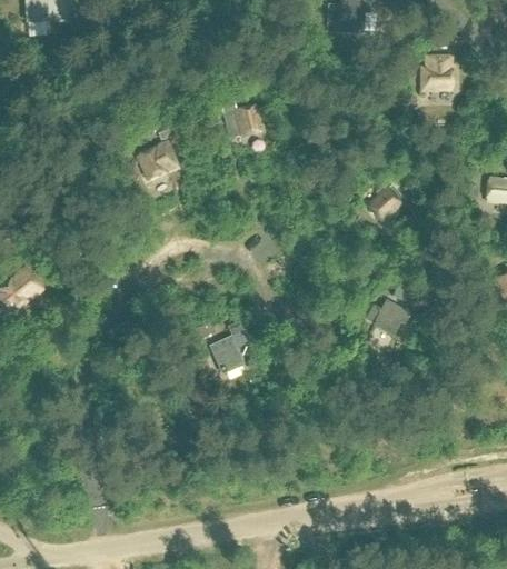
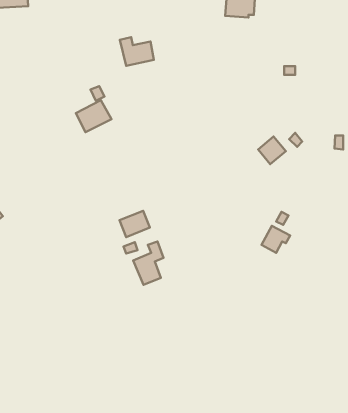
building: [425,53,455,88] -> none
building: [222,102,266,139] -> [120,37,154,66]
building: none -> [119,211,150,237]

